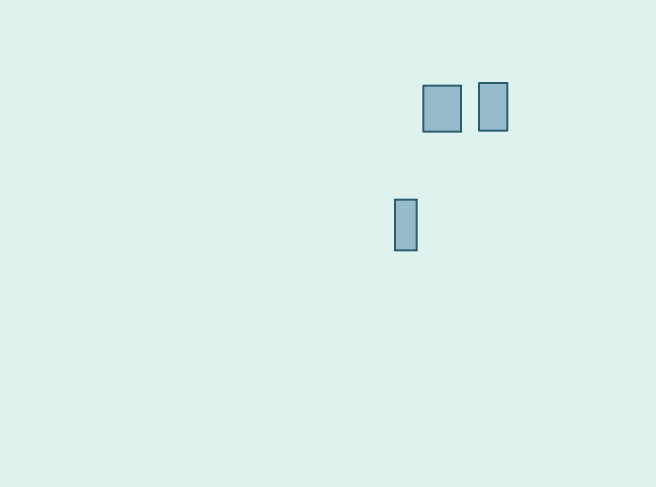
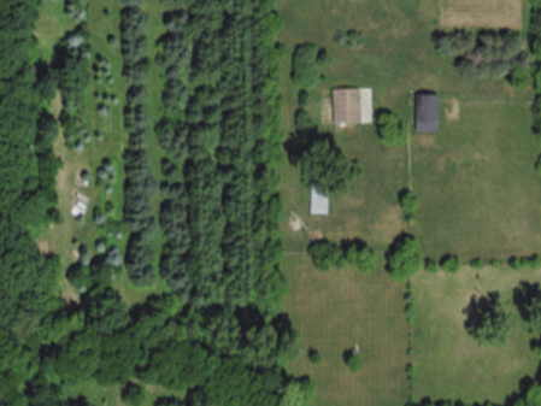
building: [479,83,507,131] -> [416,94,437,130]

